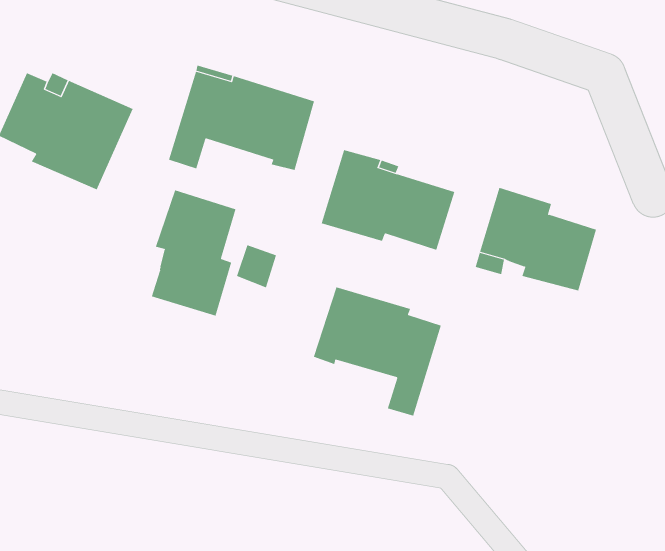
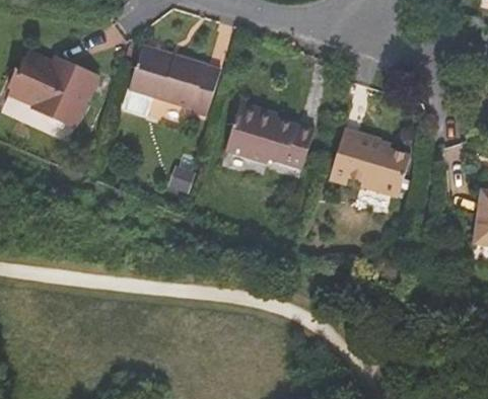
building: [151,189,236,317] -> none
building: [313,287,441,417] -> none

